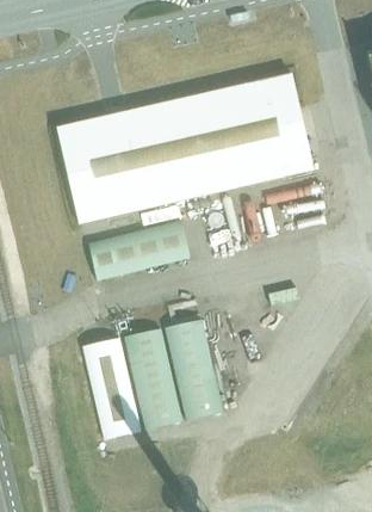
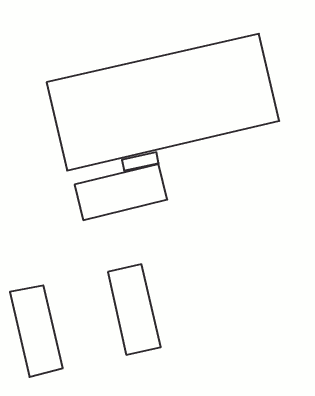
building: [166,319,224,420] -> none
building: [83,338,142,439] -> [10,285,63,377]

